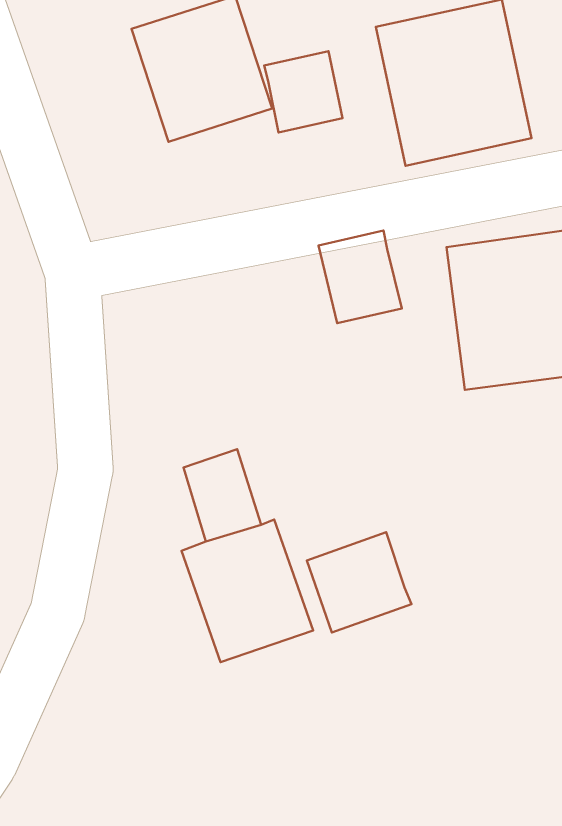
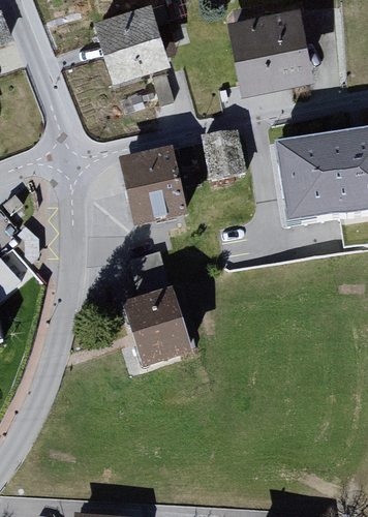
building: [264,51,343,133] -> none
building: none -> [117,150,188,227]
building: [307,532,411,633] -> none

